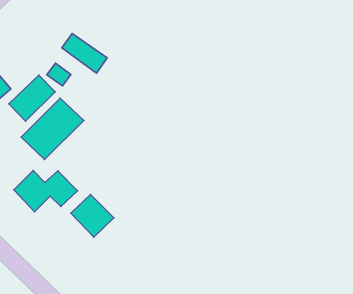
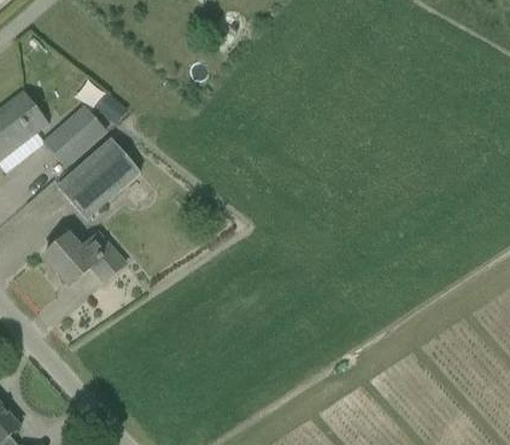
building: [62,33,107,73] -> none
building: [71,195,114,237] -> none

